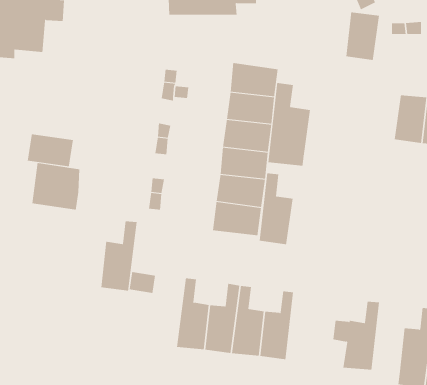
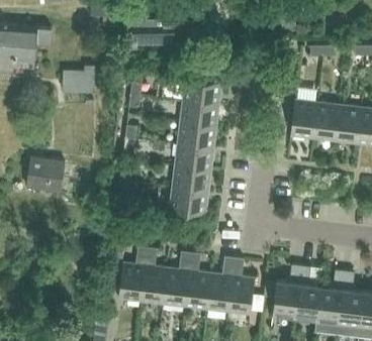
building: [345,12,380,60] -> [290,100,317,138]
building: none -> [63,58,95,92]
building: [268,82,310,166] -> none
building: [27,134,73,167] -> none
building: [259,173,293,245] -> [227,258,255,315]
building: [101,221,138,291] -> [118,246,148,302]
building: none -> [295,266,320,323]

